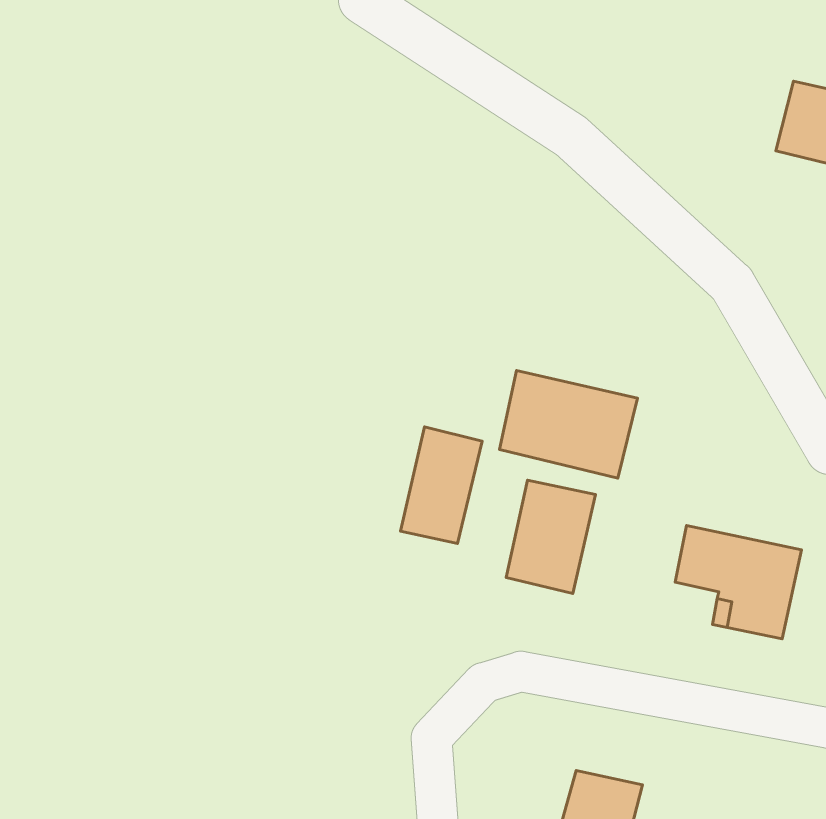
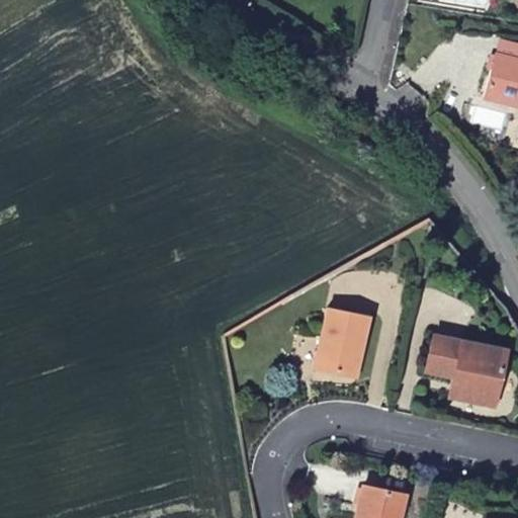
building: [500,370,637,478] -> none
building: [400,427,482,543] -> none

